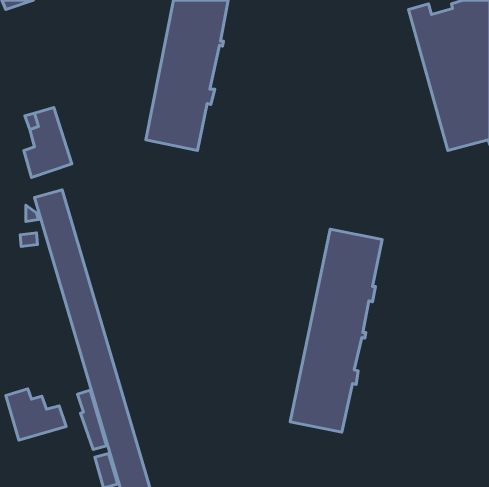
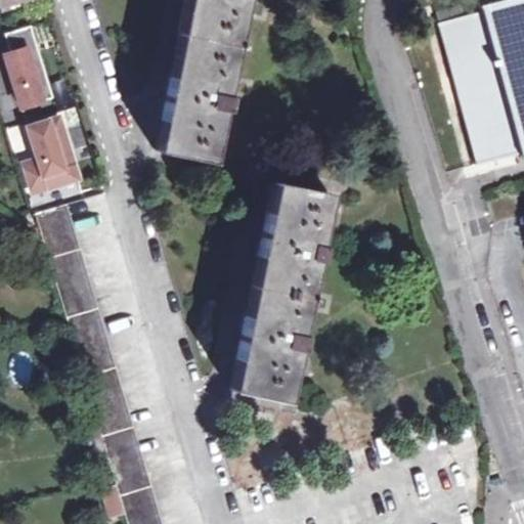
building: none -> [5,28,53,107]
building: [290,229,382,432] -> [231,185,330,402]
building: [6,389,66,440] -> none

